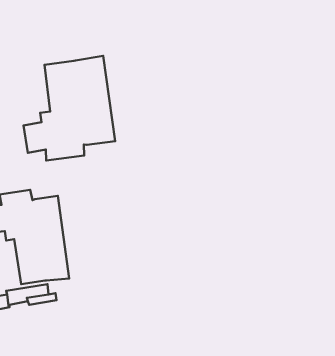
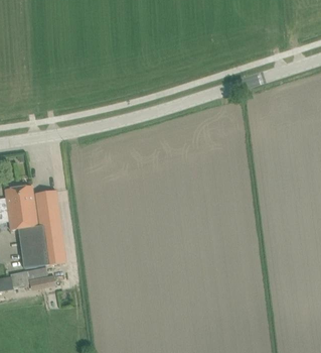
building: [24,56,115,160] -> none

